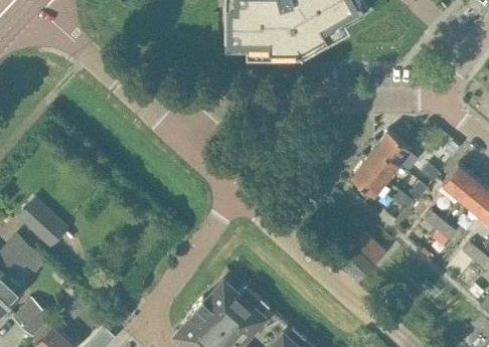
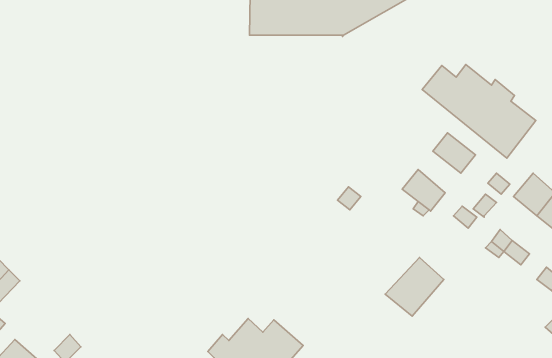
building: none -> [422,64,536,158]
building: [363,148,398,182] -> none
building: [26,207,68,248] -> none

